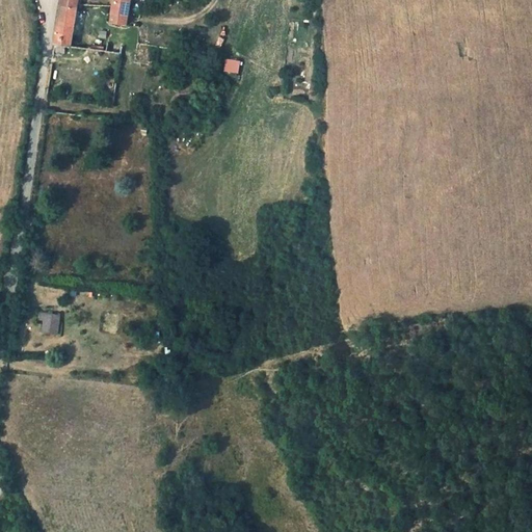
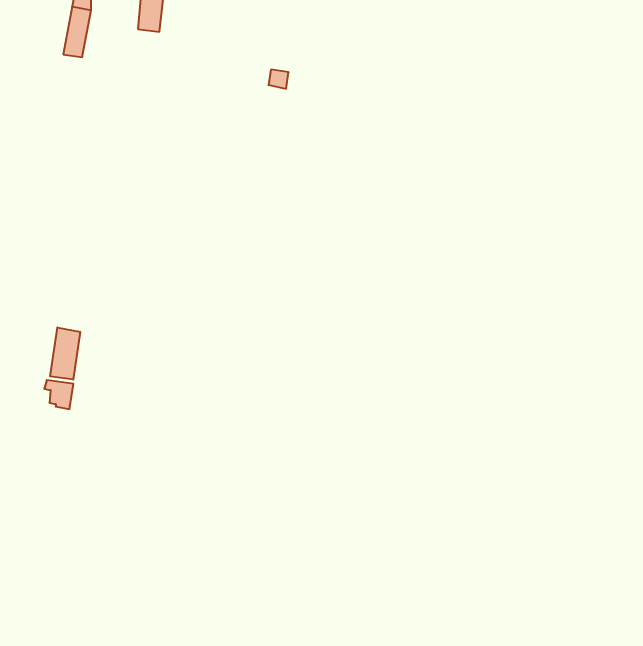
building: none -> [50,327,80,380]

